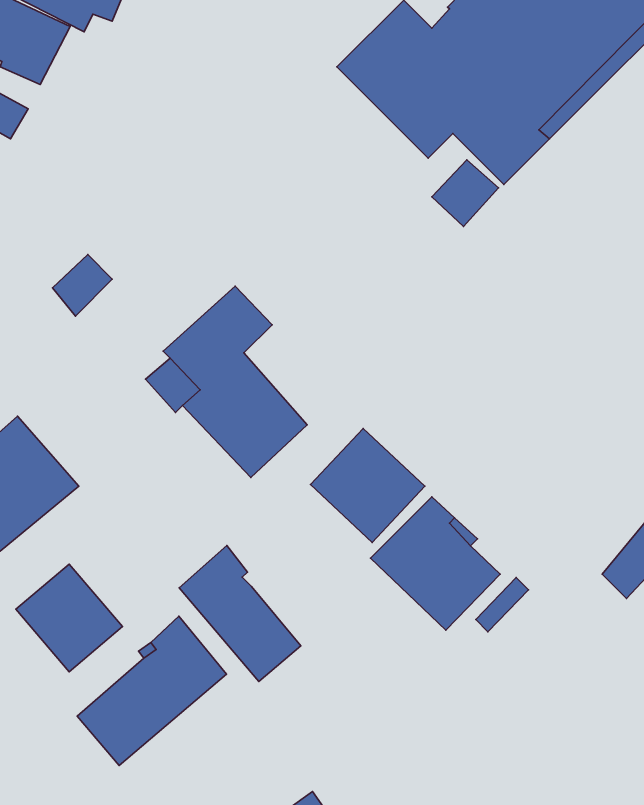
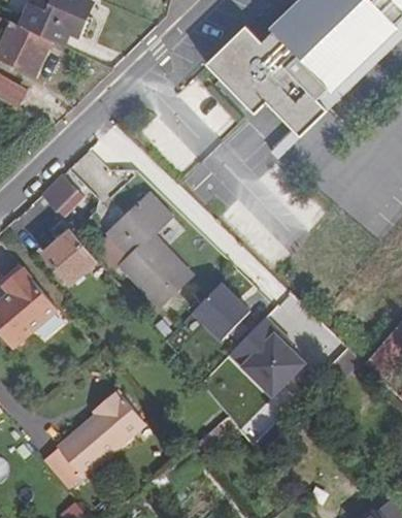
building: none -> [41,230,97,286]
building: [179,546,301,681] -> none
building: [16,564,123,672] -> none

